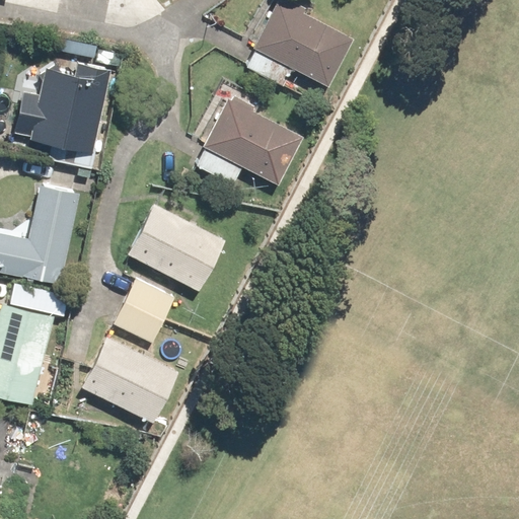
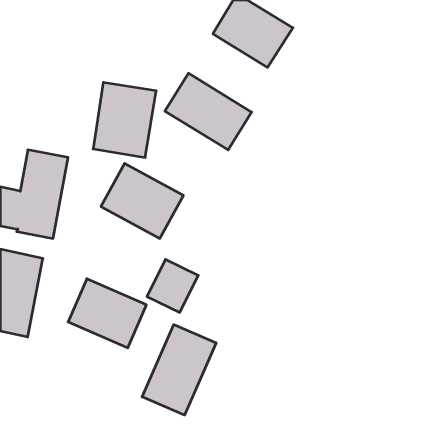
building: [28,66,104,156] -> [93,82,156,157]
building: [109,279,171,343] -> [147,259,198,312]
building: none -> [142,325,216,415]

